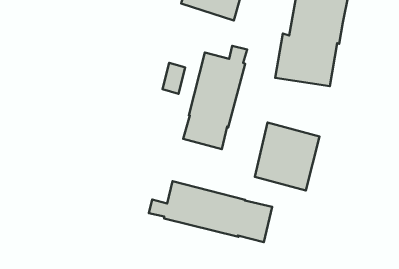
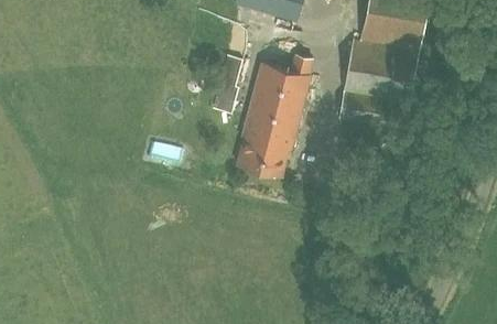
building: [255,122,320,190] -> none
building: [149,181,272,242] -> none

